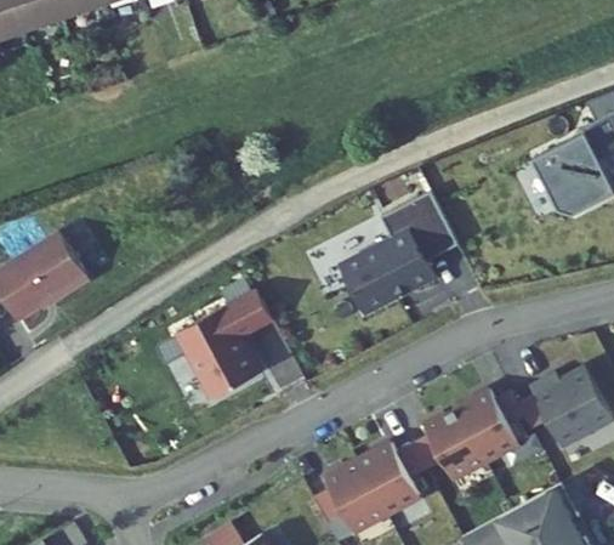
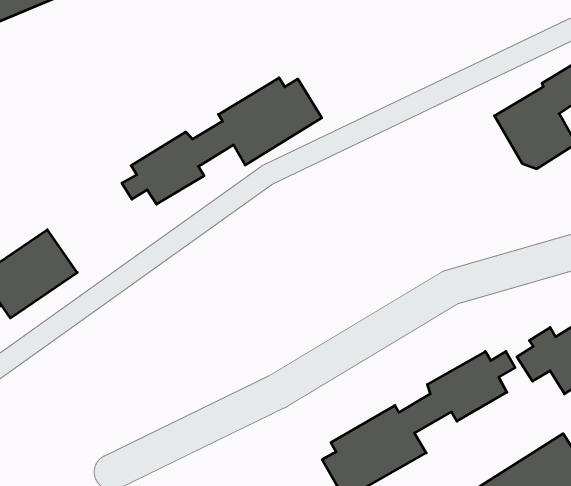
building: none -> [122,78,322,204]
building: [325,192,444,314] -> none
building: [188,284,284,393] -> none

